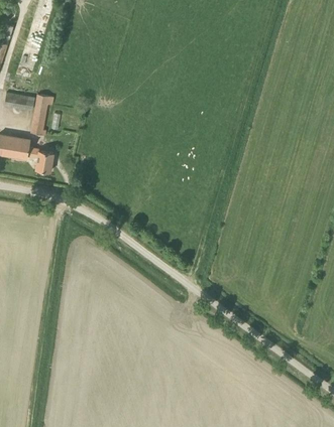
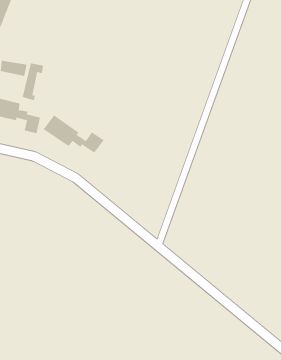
building: none -> [43,115,104,154]

